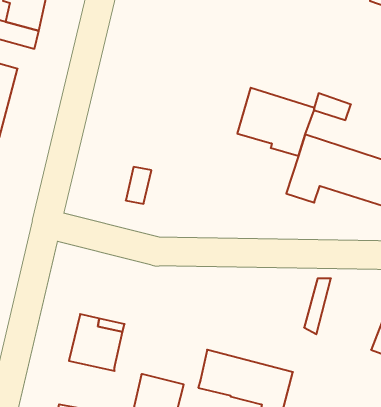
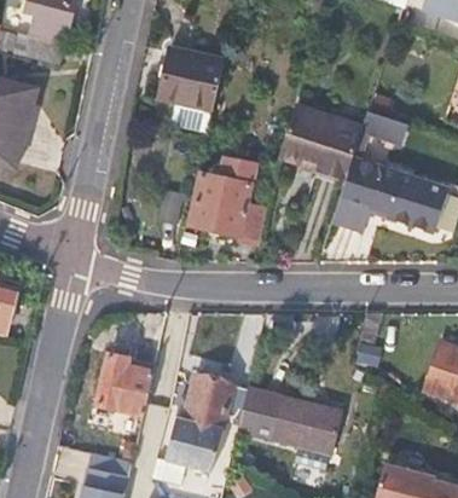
building: none -> [158,51,222,132]
building: none -> [191,156,267,244]
building: none -> [176,372,248,425]

